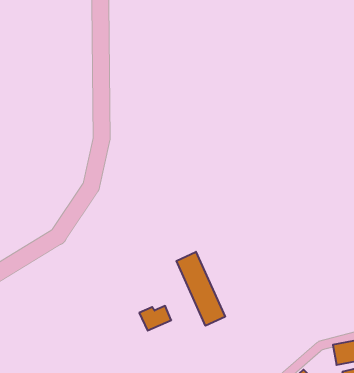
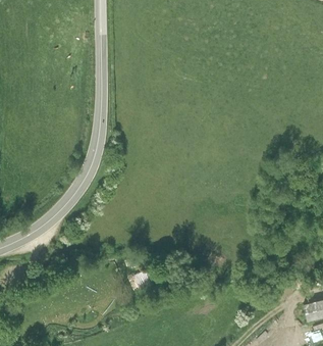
building: [176,252,225,326] -> none

